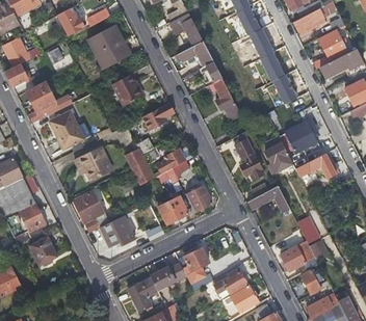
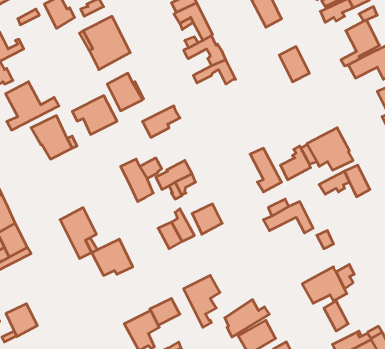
building: [249,27,274,58] -> none
building: [271,74,297,105] -> none
building: [213,79,241,121] -> none
building: [74,146,112,180] -> [72,96,117,134]
building: [26,239,53,267] -> [6,304,37,337]

